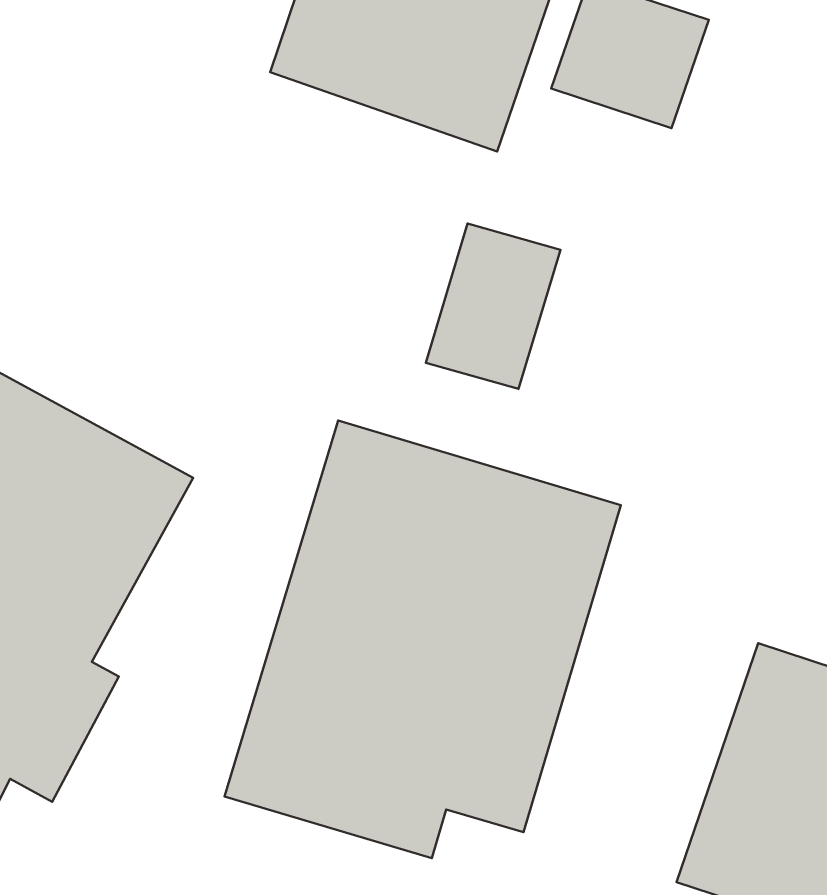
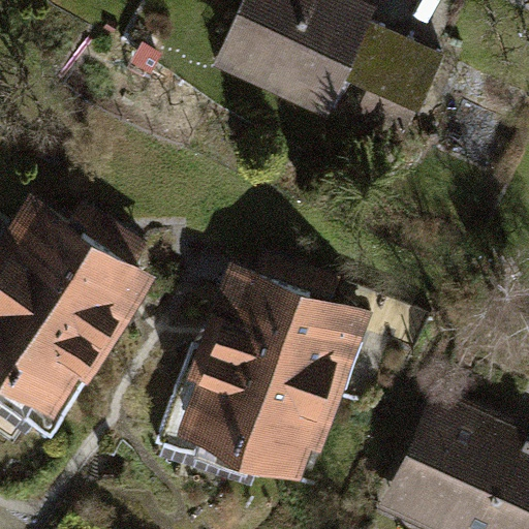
building: [426,223,560,389] -> none

